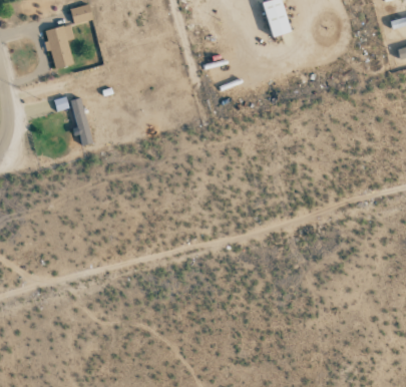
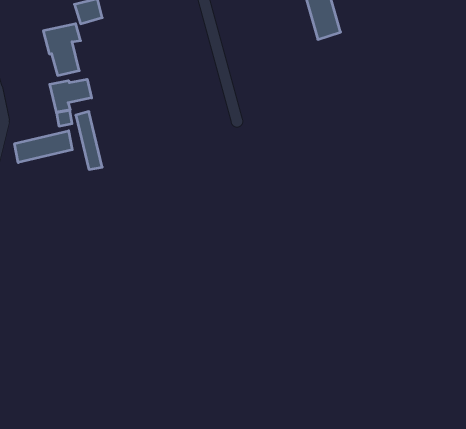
building: none -> [50,79,92,112]
building: none -> [15,131,72,163]

